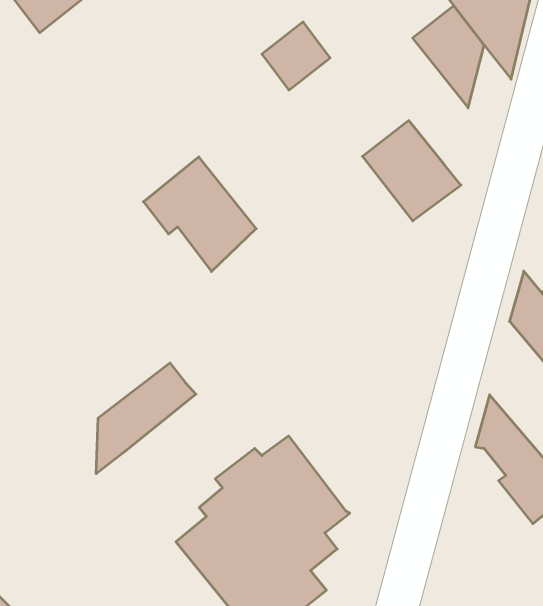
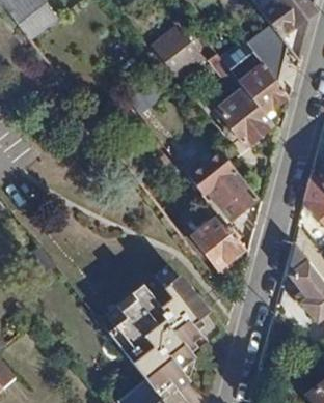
building: none -> [217,36,286,113]
building: [143,157,256,272] -> [191,152,256,219]
building: none -> [191,212,244,266]
building: [96,363,196,474] -> none

